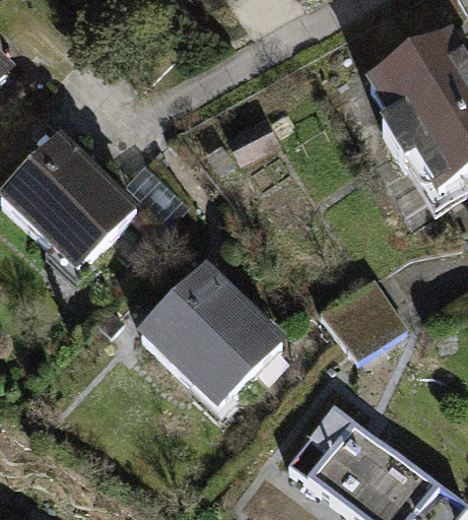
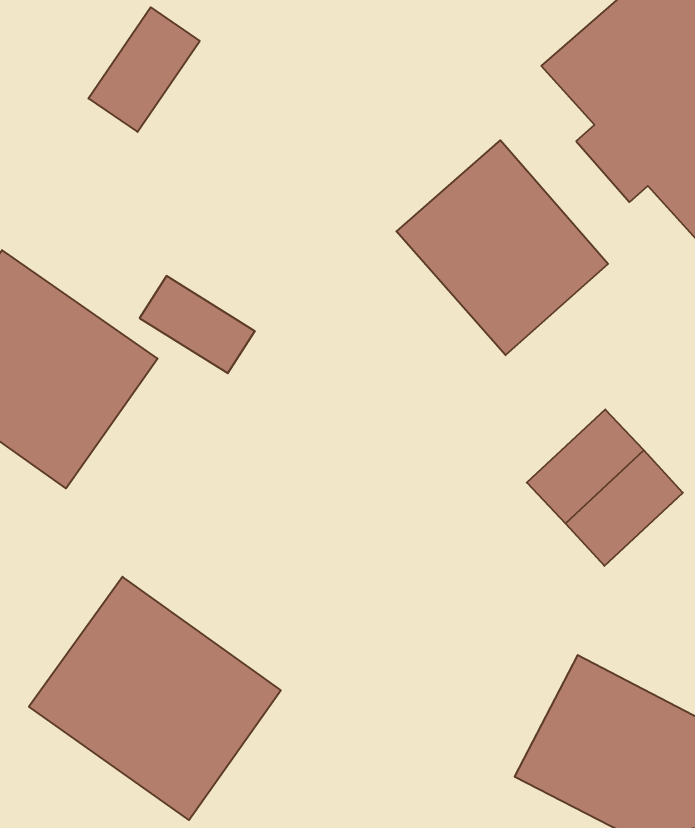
building: none -> [396,140,608,355]
building: [141,268,278,405] -> [29,577,281,820]

